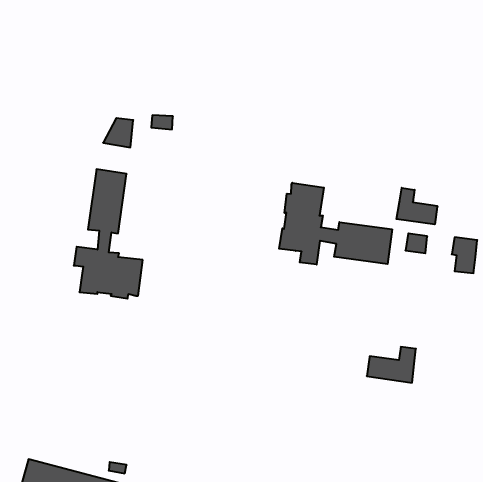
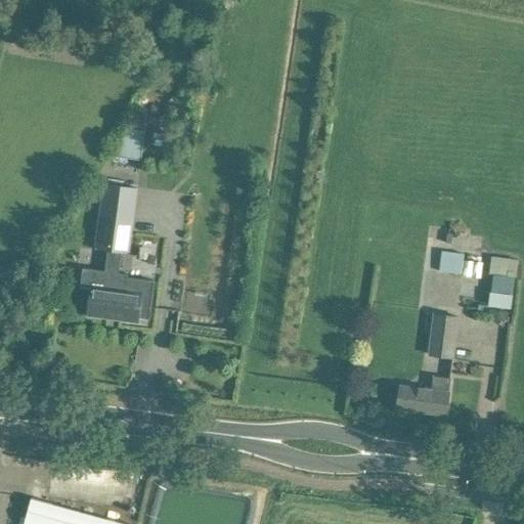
building: [279,183,392,265] -> none
building: [396,188,437,224] -> none
building: none -> [428,315,457,360]

